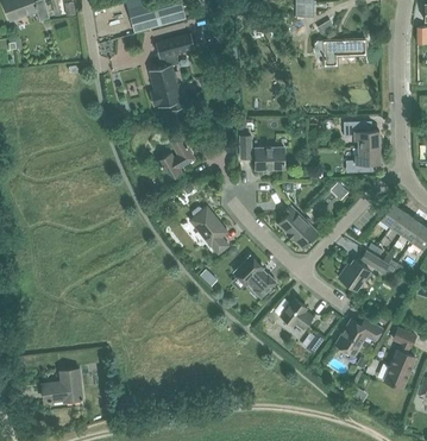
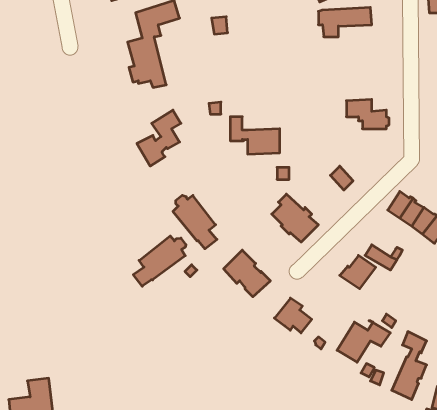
building: [346,147,381,172] -> none
building: none -> [133,236,186,286]

